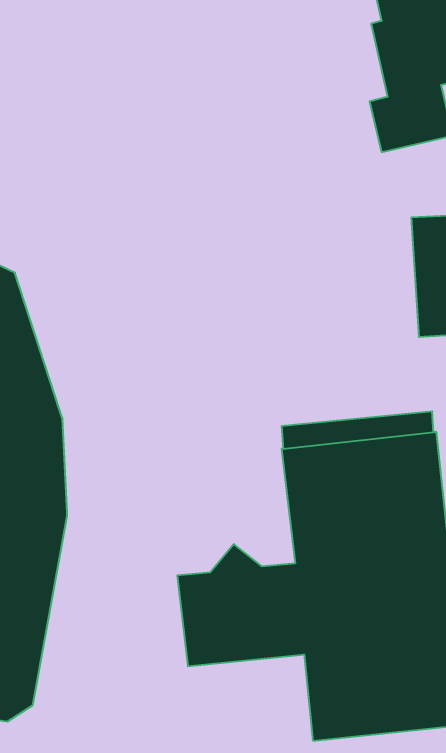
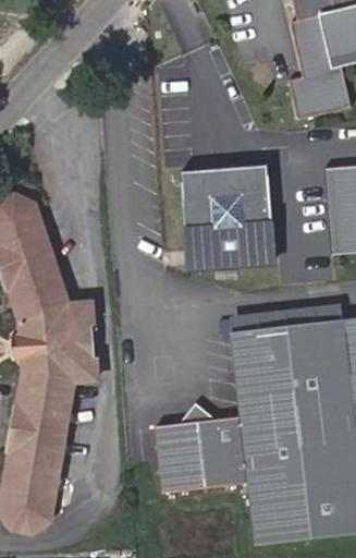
building: none -> [172,161,284,269]
building: none -> [70,303,98,383]

